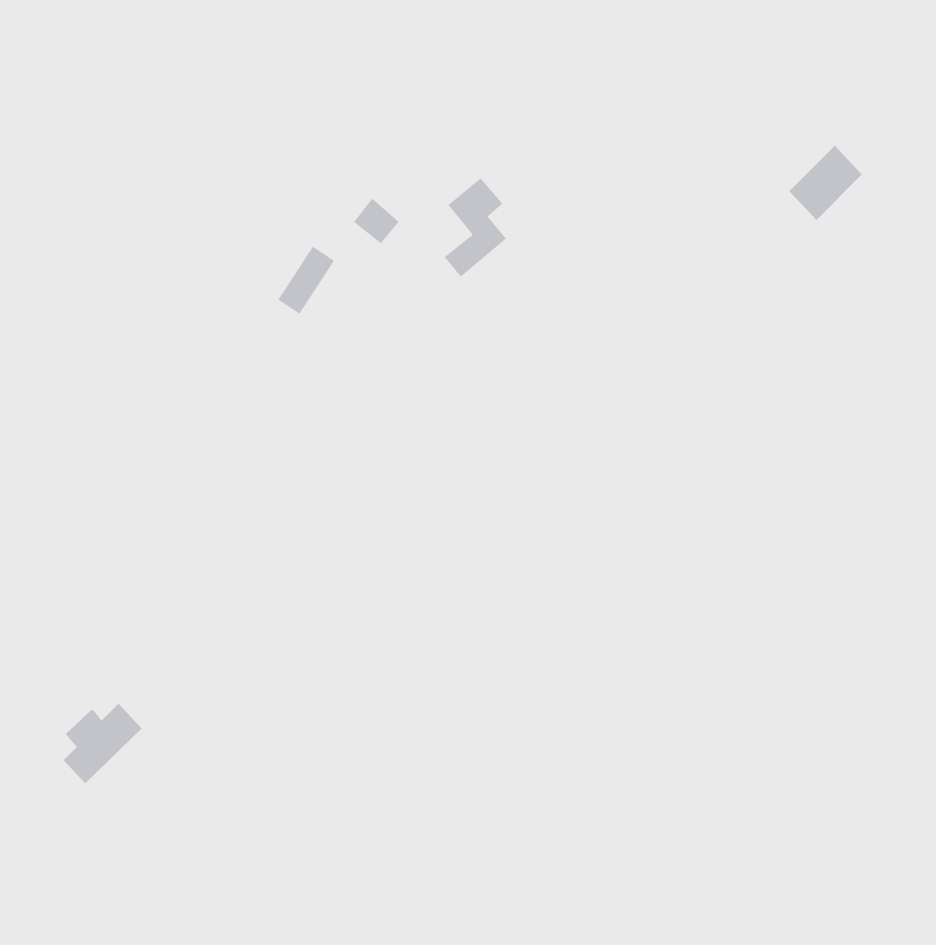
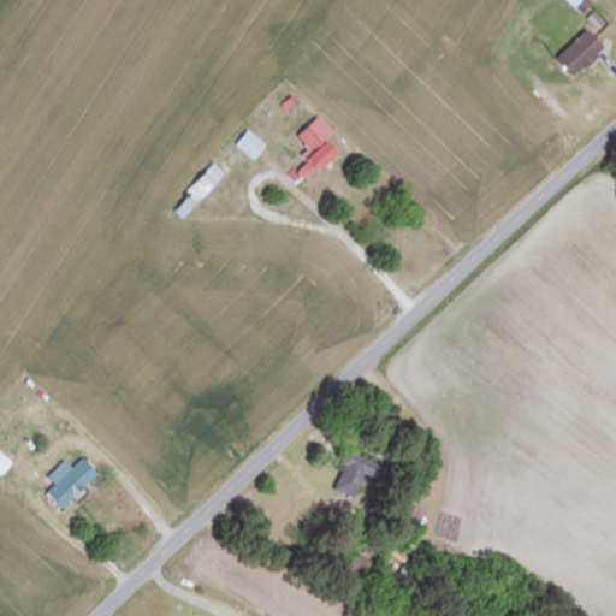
building: [789,145,863,221] -> [556,29,604,78]
building: none -> [332,450,384,499]

